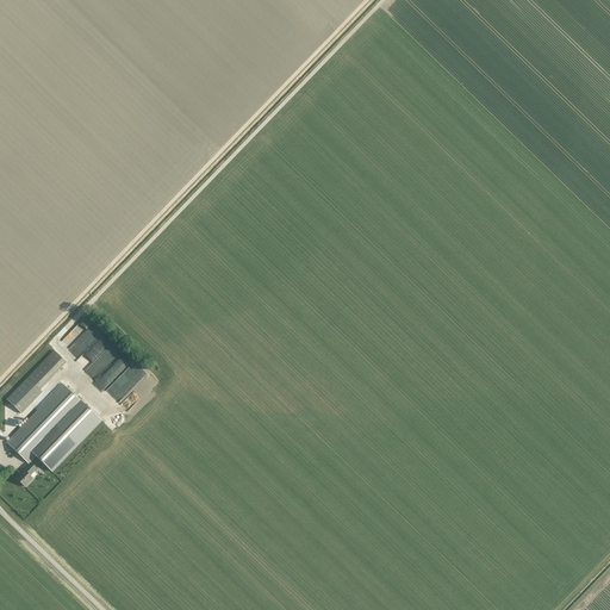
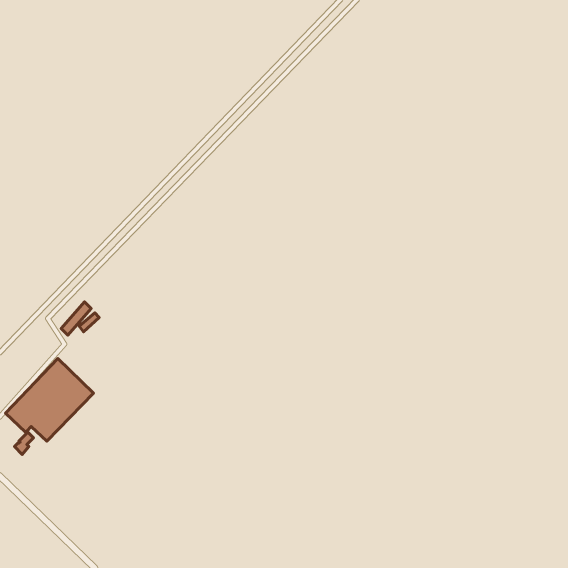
building: [6,350,64,412] -> none
building: [98,350,138,396] -> none

